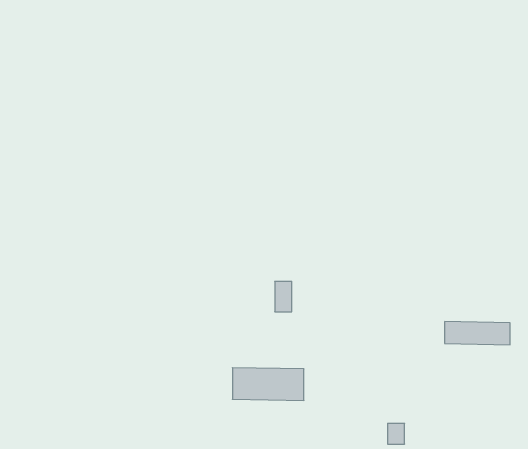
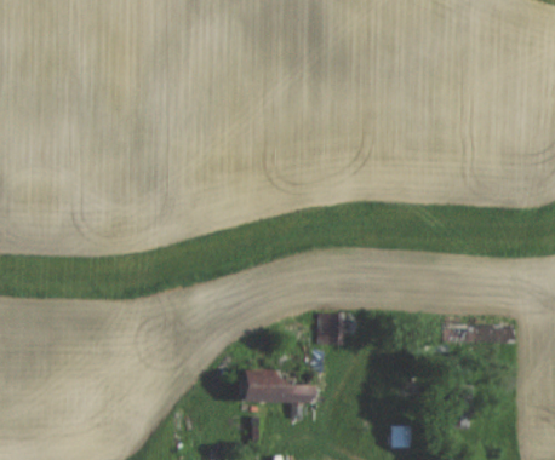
building: [275,281,292,312] -> [321,312,338,343]

